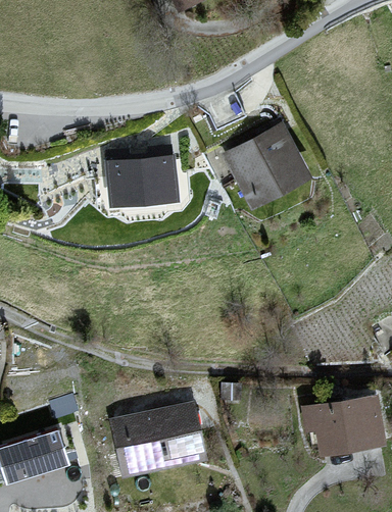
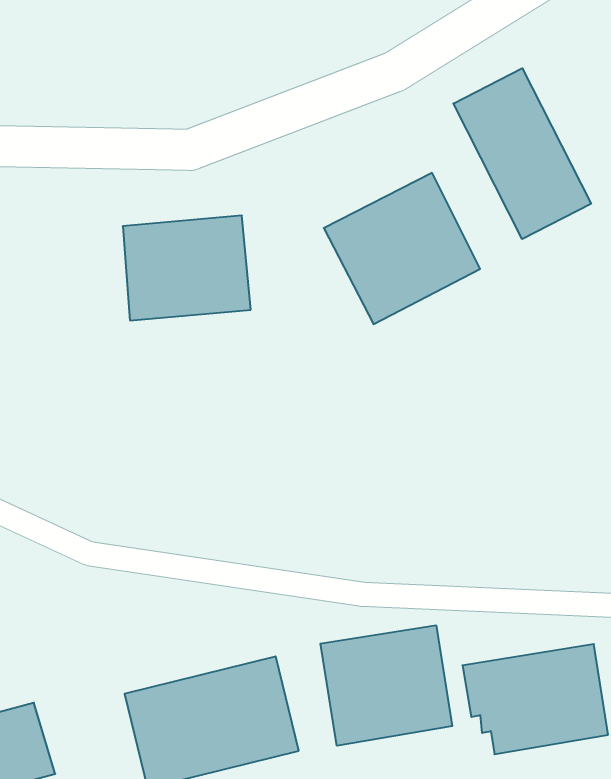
building: none -> [453,68,591,239]
building: none -> [320,625,452,746]

